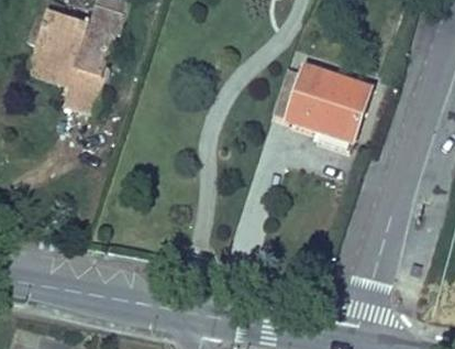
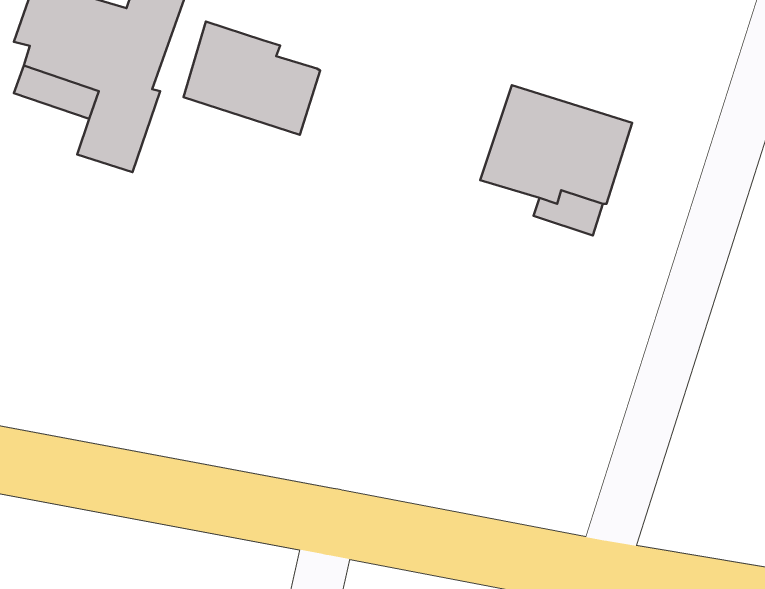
building: none -> [183,21,320,135]

